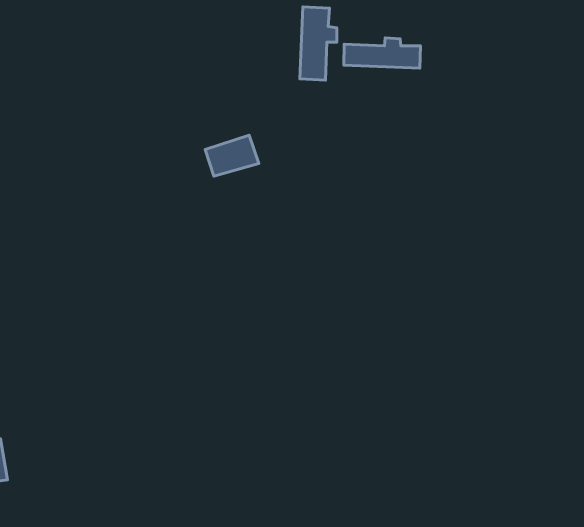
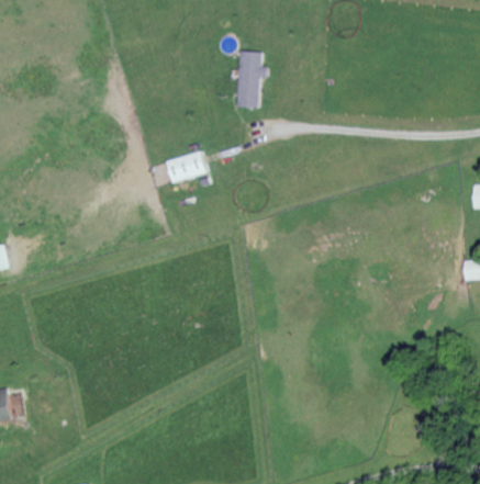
building: [344,38,420,68] -> none

